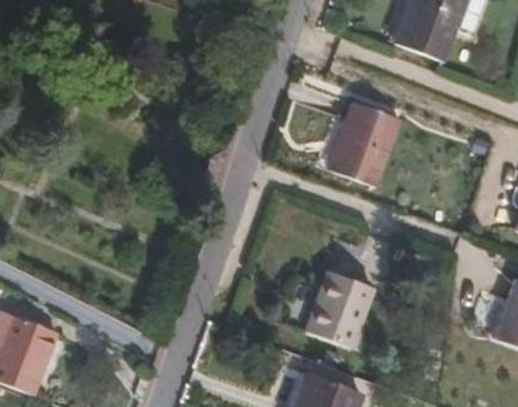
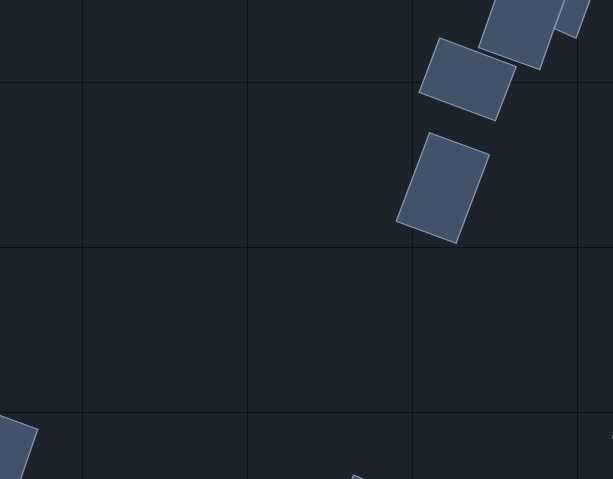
building: none -> [419,38,516,121]
building: [303,269,373,349] -> none

